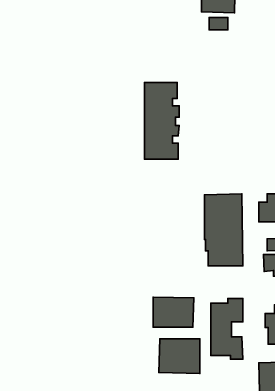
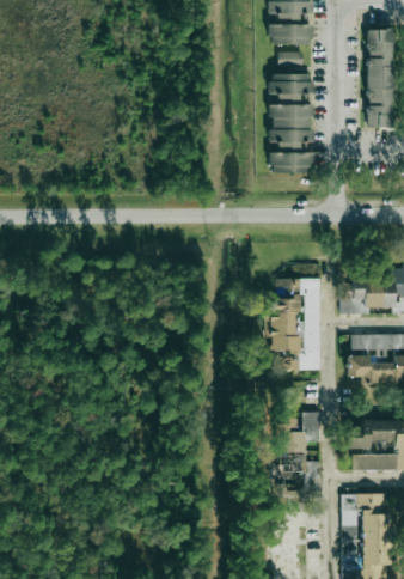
building: [145,83,179,159] -> [270,74,314,172]
building: [153,297,194,327] -> none
building: [159,339,200,373] -> none

